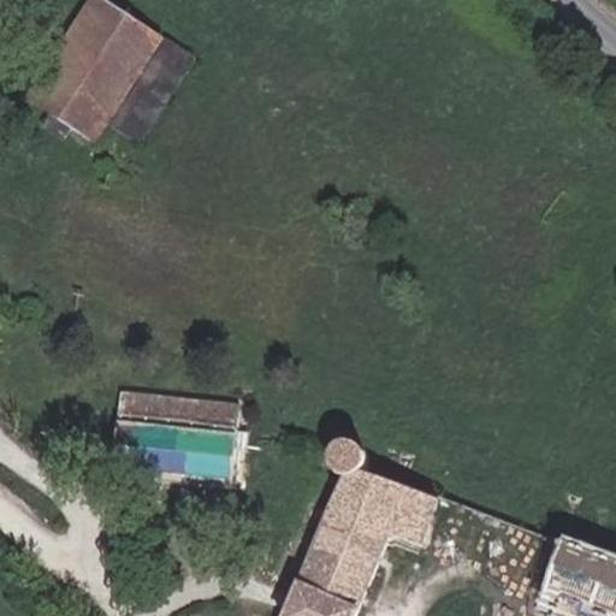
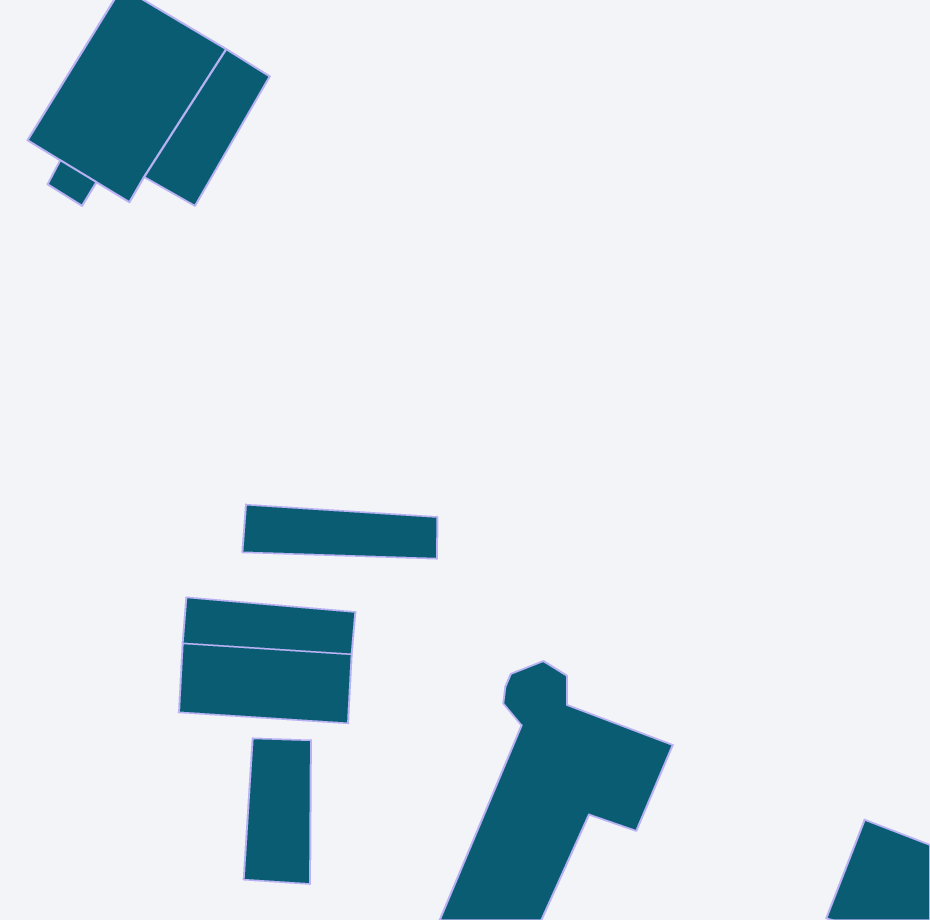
building: none -> [243,504,437,559]
building: none -> [244,738,311,884]

